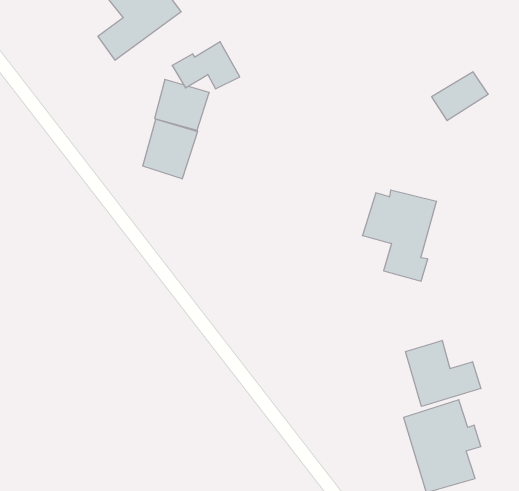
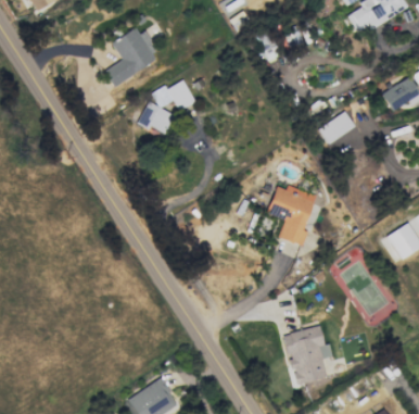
building: [143,119,198,179] -> none
building: [406,340,481,406] -> none

